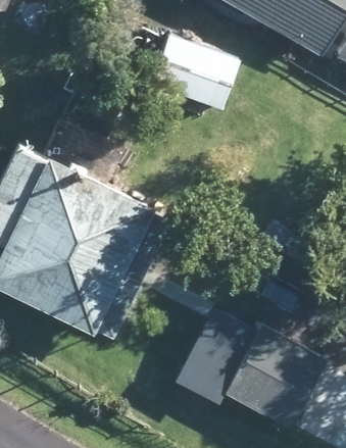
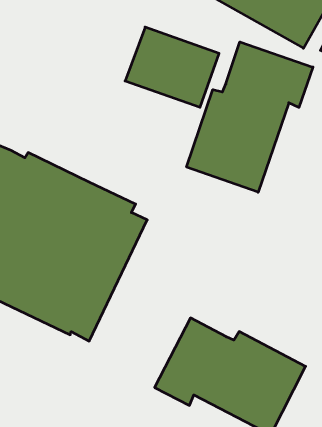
building: none -> [187,42,313,192]

